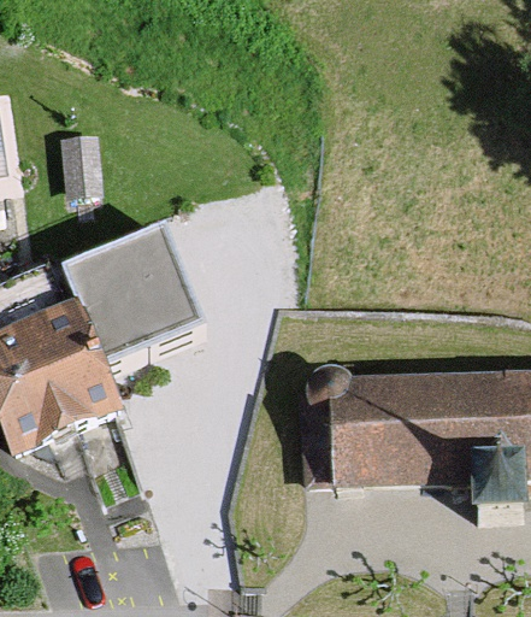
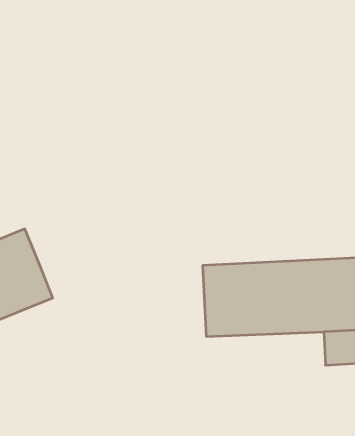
building: [57,234,200,375] -> none

